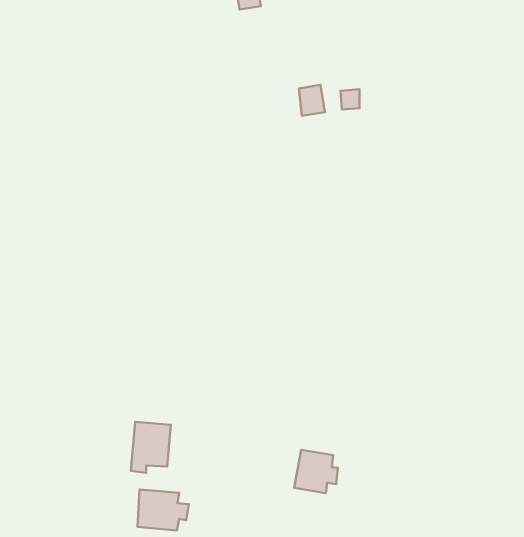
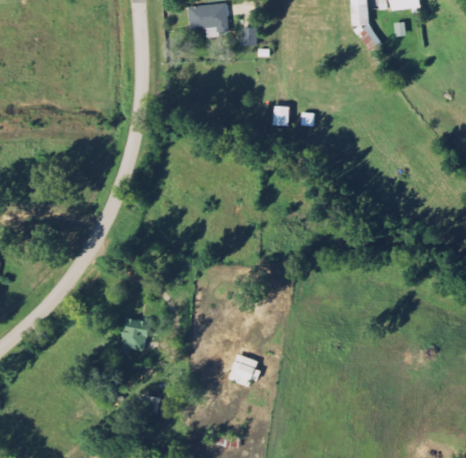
building: [137,489,189,530] -> none

